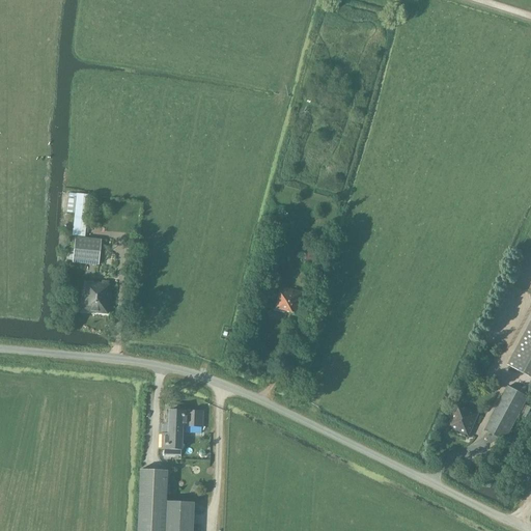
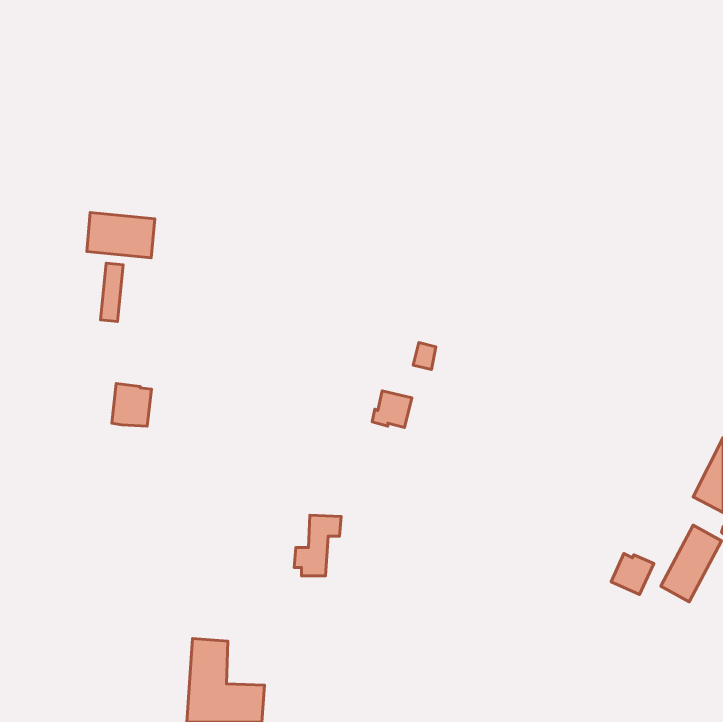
building: none -> [87,212,155,258]
building: [74,236,102,263] -> none
building: [158,410,192,454] -> [294,515,341,576]

